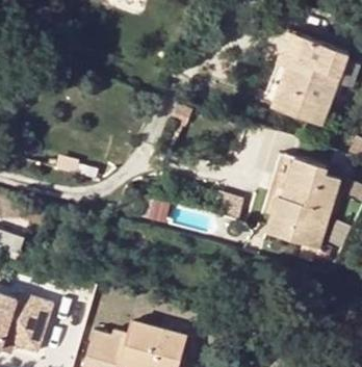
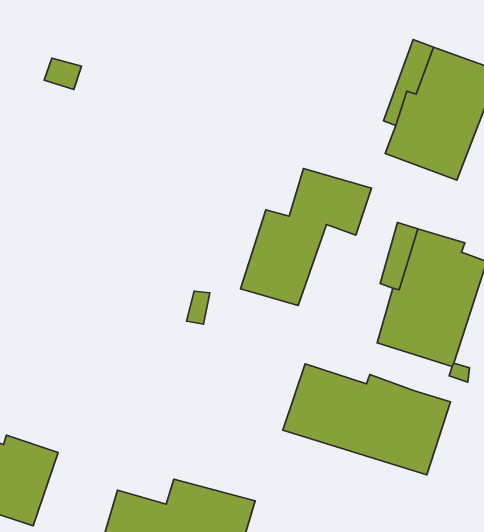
building: none -> [240,168,371,305]
building: none -> [283,364,450,475]

